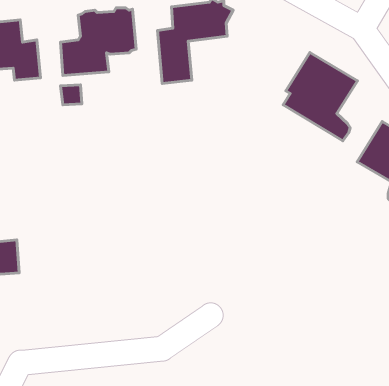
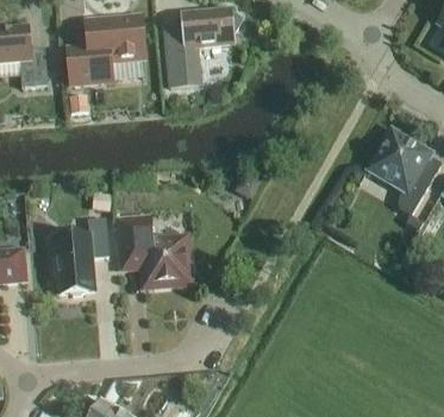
building: [283,52,357,141] -> none
building: none -> [49,216,107,292]
building: none -> [118,216,190,284]

